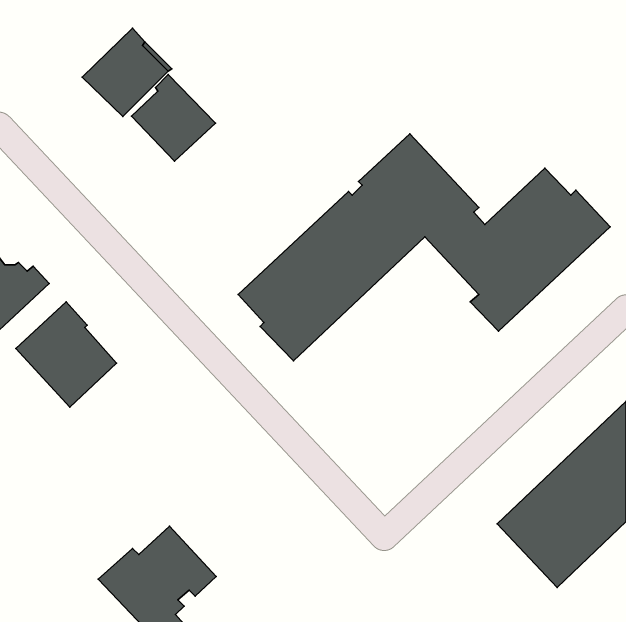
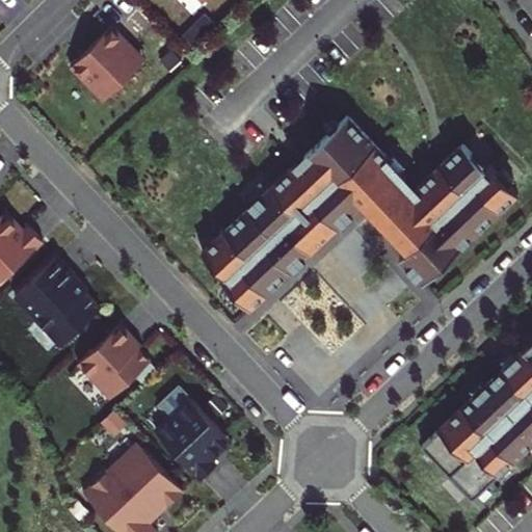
building: [132,74,216,161] -> none
building: none -> [77,327,149,401]
building: none -> [154,399,223,481]

